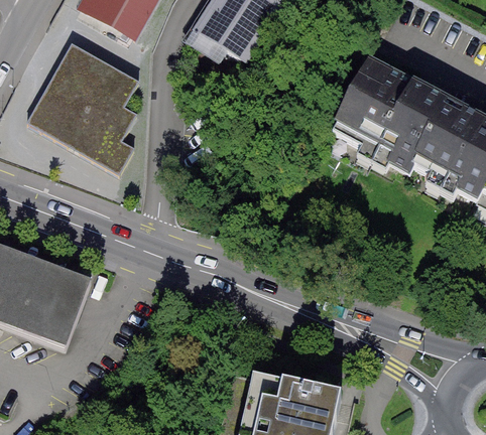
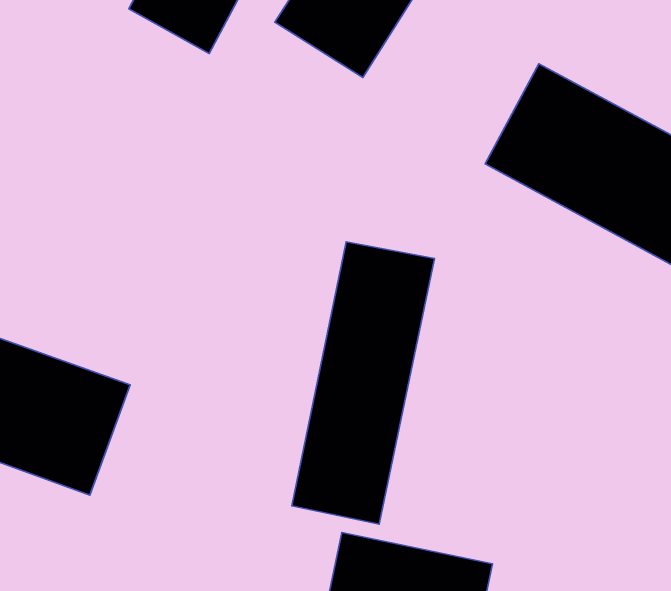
building: [28,40,139,168] -> none
building: none -> [292,242,435,524]

